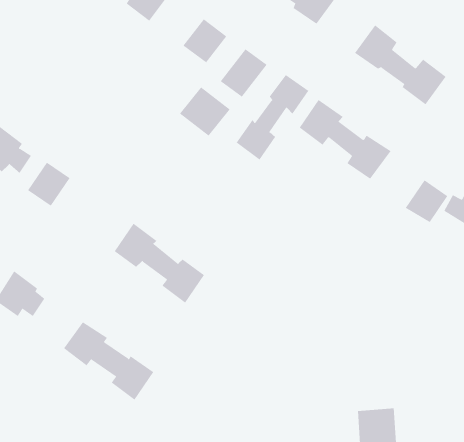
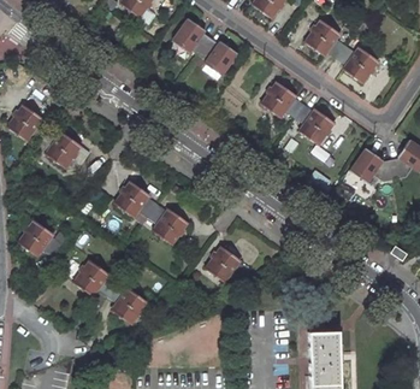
building: [236,74,309,161] -> none
building: [179,86,231,137] -> none
building: none -> [205,247,248,285]

